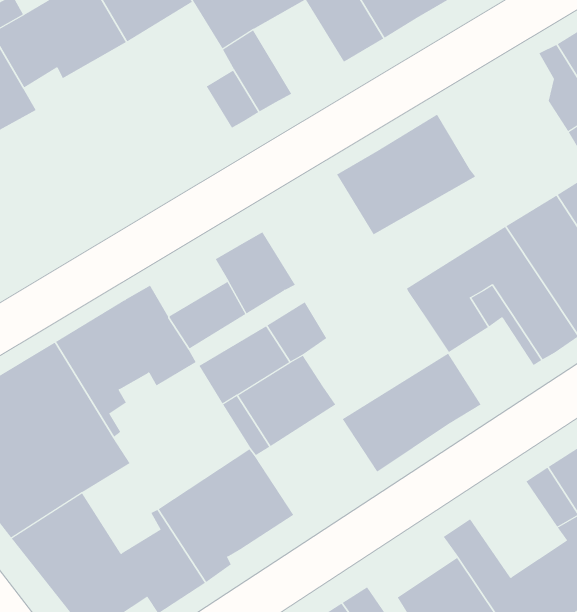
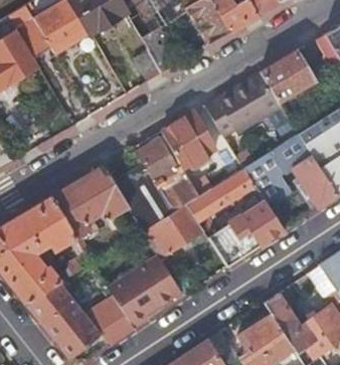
building: none -> [260,51,313,103]
building: none -> [161,112,215,168]
building: none -> [186,170,253,221]

